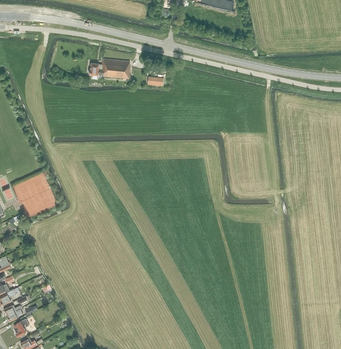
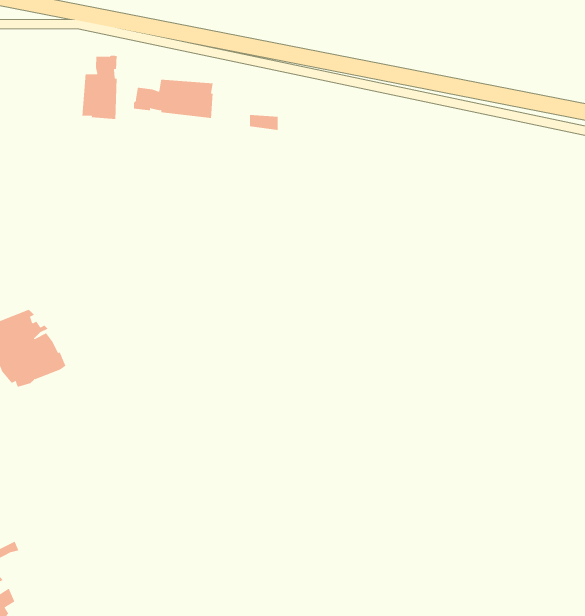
building: none -> [82,55,117,120]

